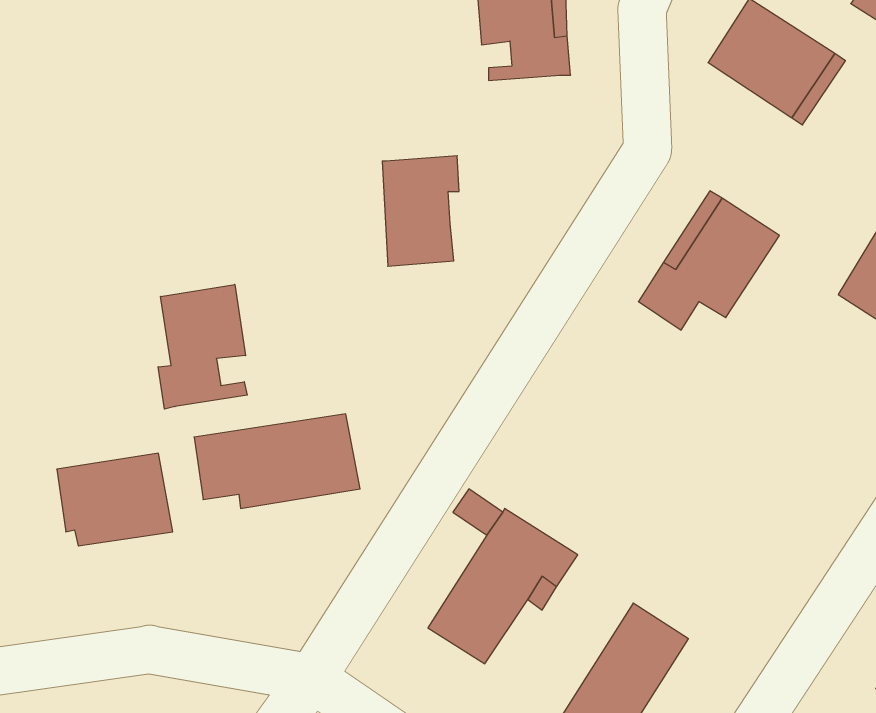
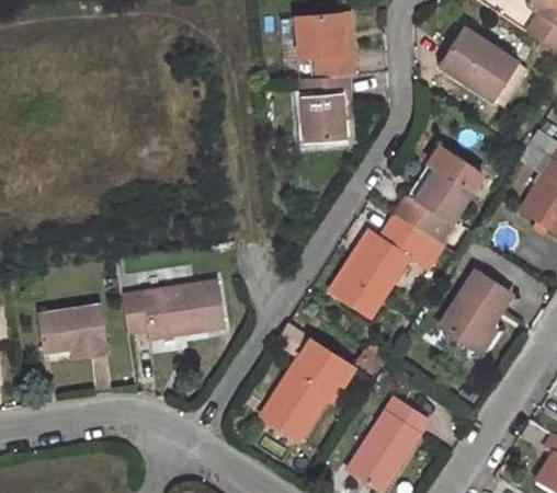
building: [382,156,459,266] -> [302,74,349,142]
building: [158,284,247,409] -> none
building: none -> [330,210,431,314]
building: none -> [441,272,511,353]

